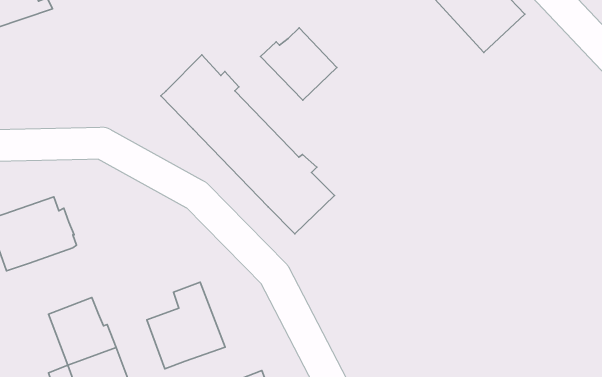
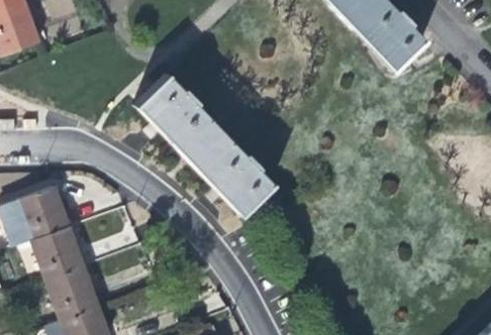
building: [261,28,337,100] -> none
building: none -> [32,226,86,278]
building: [147,282,225,369] -> none

